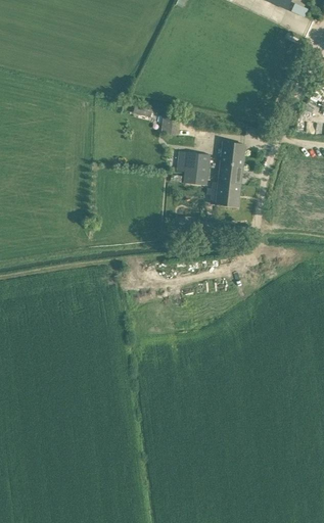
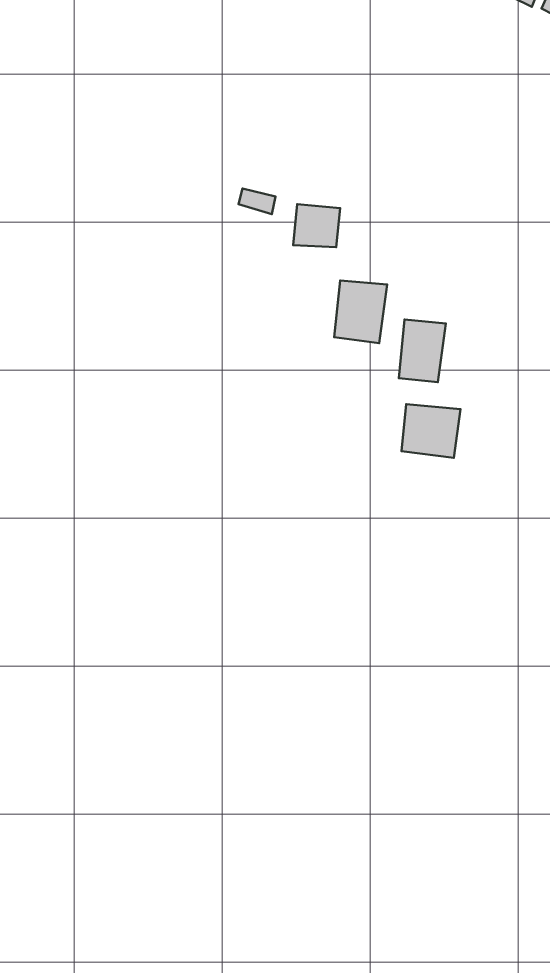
building: [218,144,242,178] -> none
building: none -> [401,404,461,458]

